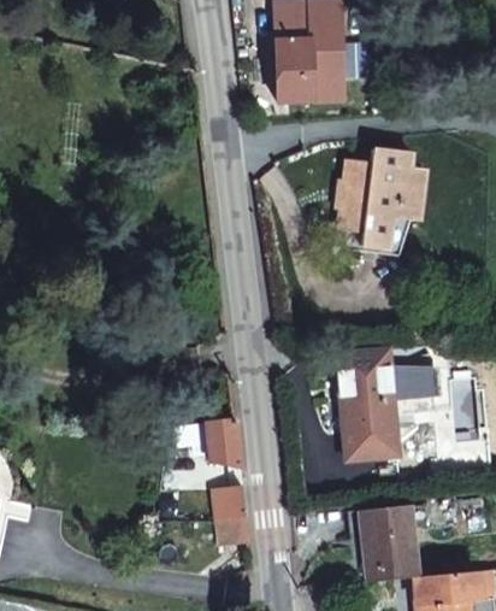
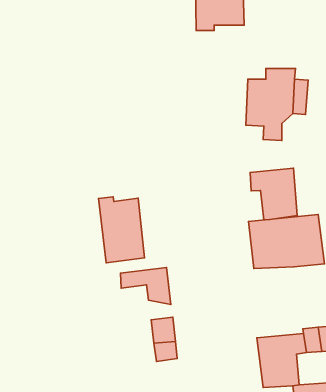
building: none -> [250,168,297,220]
building: none -> [99,197,144,263]
building: [352,418,408,463] -> none

